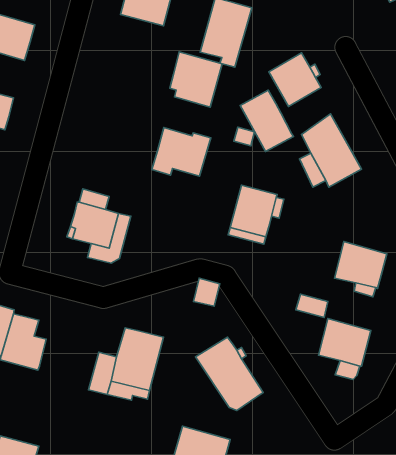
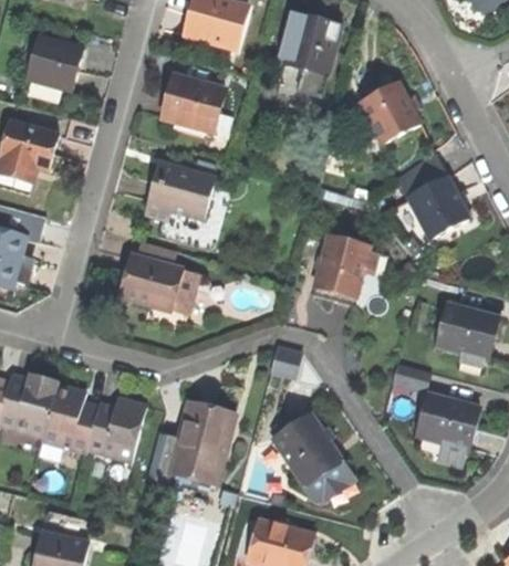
building: [170,52,222,107] -> [162,73,224,138]
building: [240,90,293,152] -> none
building: [152,127,211,176] -> [144,161,214,219]
building: none -> [89,400,146,460]

